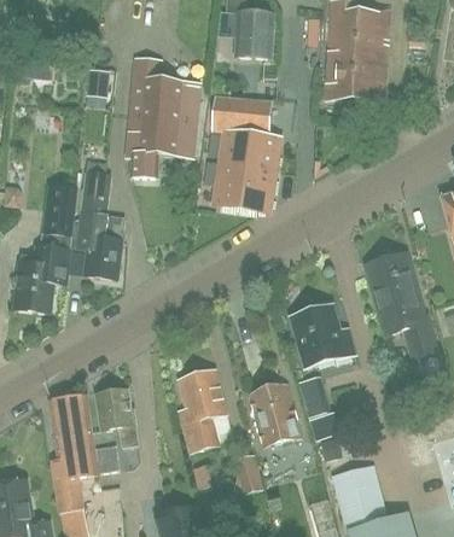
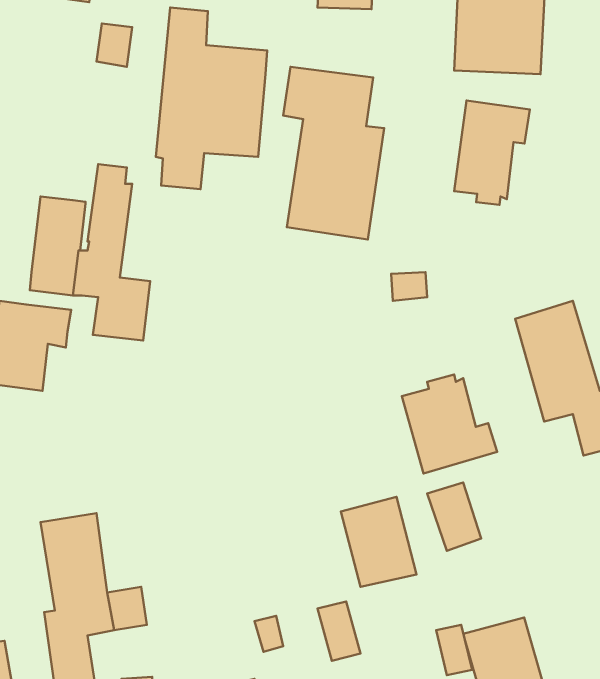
building: none -> [454,100,530,205]
building: [179,369,228,453] -> none
building: [97,389,138,446] -> none

